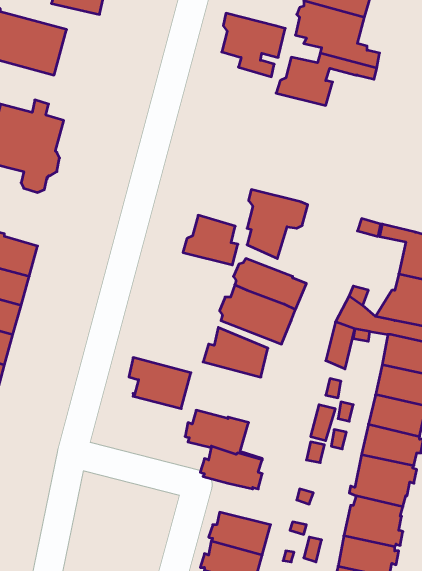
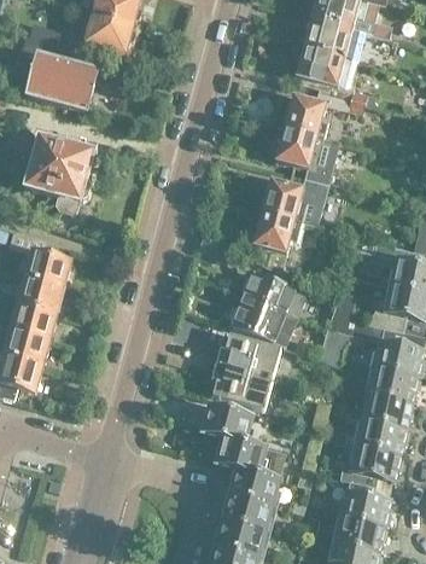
building: [222,13,285,77] -> [276,126,332,181]
building: [183,215,238,265] -> [258,178,307,221]
building: [129,358,191,409] -> [212,361,267,406]
building: none -> [228,467,282,504]

